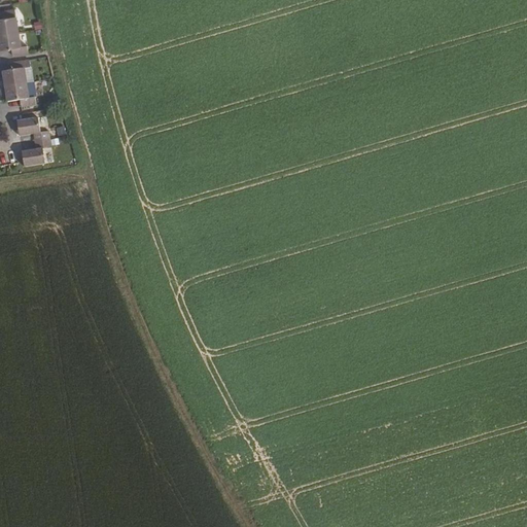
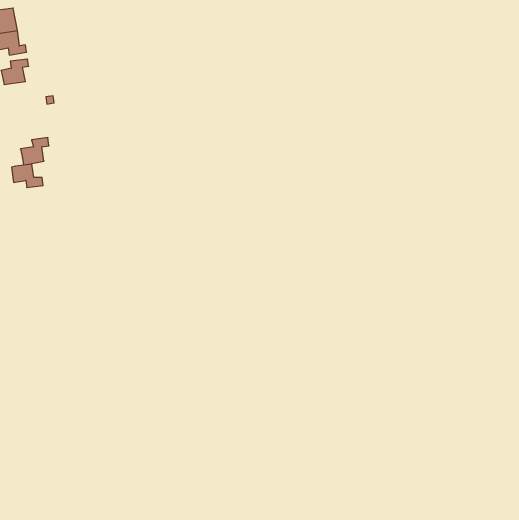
building: [4,82,34,108] -> none
building: [16,117,48,141] -> [12,164,43,188]

